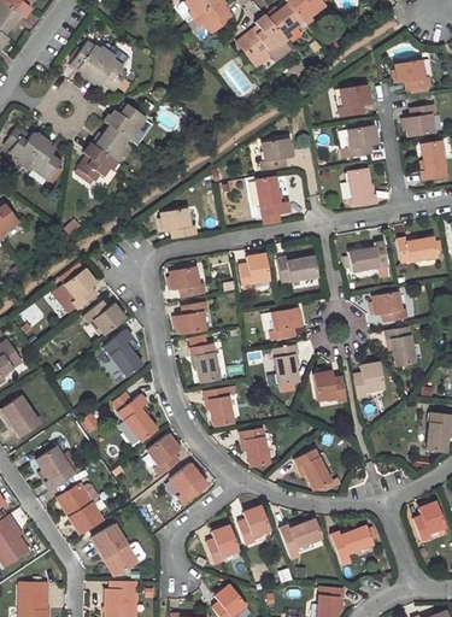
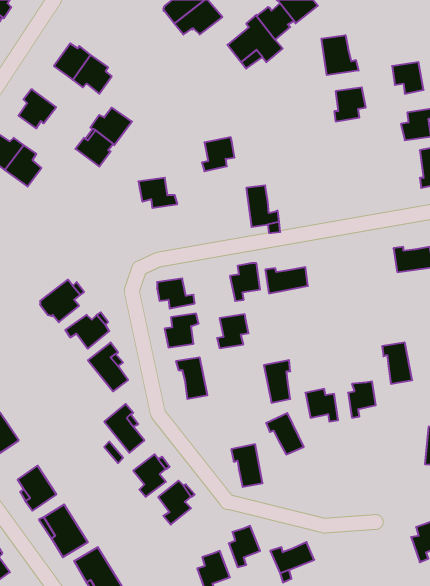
building: none -> [321,35,359,75]
building: [347,124,376,157] -> none
building: [259,137,290,170] -> [202,137,235,171]
building: [78,143,115,181] -> [18,89,56,128]
building: [348,168,376,207] -> none
building: [162,210,199,239] -> [138,178,177,208]
building: [347,240,388,275] -> none
building: [369,293,406,323] -> none
building: [266,310,297,342] -> [217,314,249,348]
building: [202,388,231,427] -> none
building: [297,448,333,488] -> [266,413,304,454]
building: [329,522,371,552] -> none

